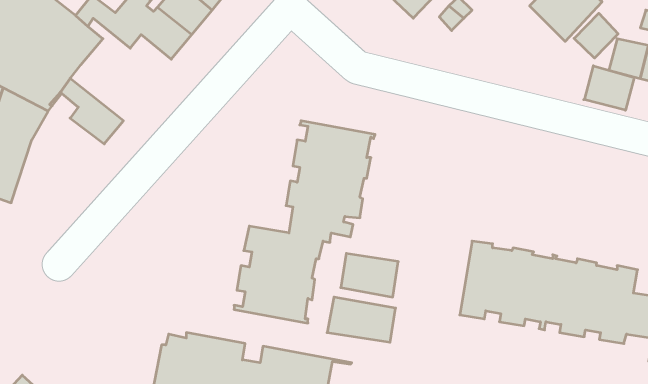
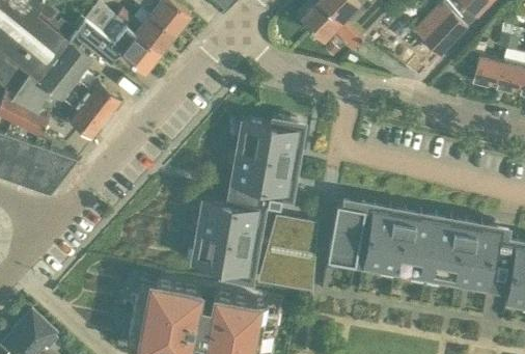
building: [574,13,618,58] -> none
building: none -> [65,78,120,120]
building: [584,66,634,110] -> none
building: none -> [21,135,76,192]
building: none -> [326,206,364,267]

